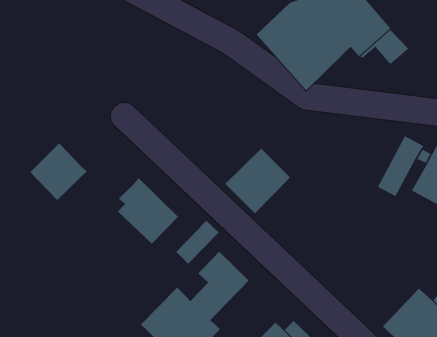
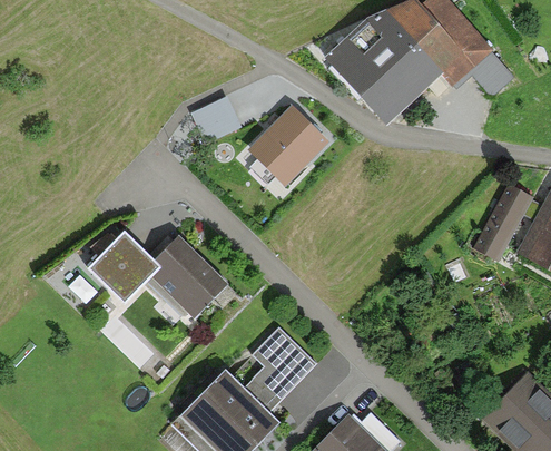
building: none -> [193,97,238,140]
building: [30,142,88,201] -> [88,233,160,305]
building: [224,148,291,214] -> [246,105,328,187]
building: [175,219,220,265] -> none

